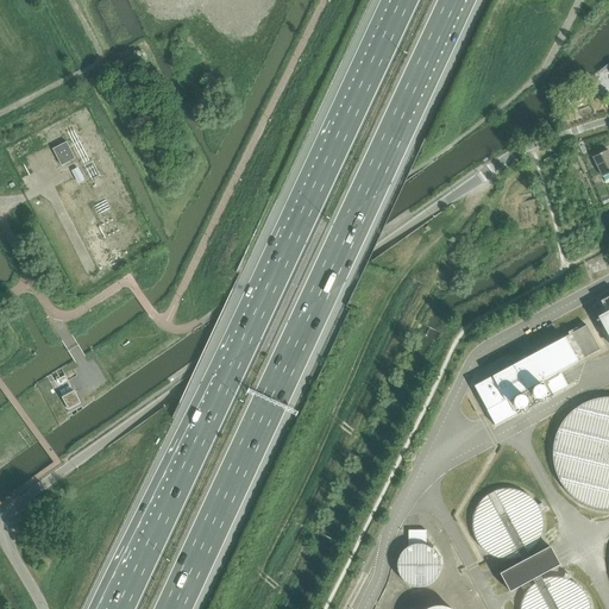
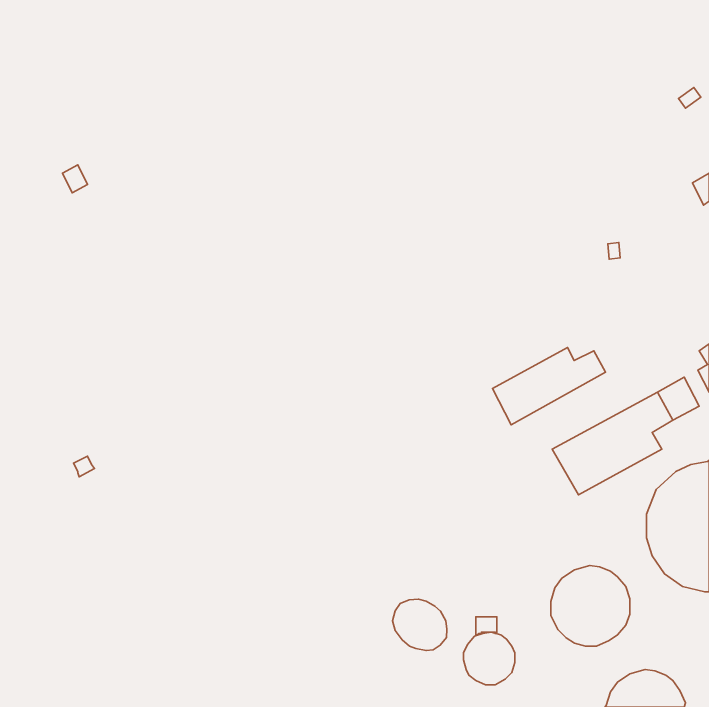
building: none -> [492,347,606,425]
building: none -> [393,599,447,650]
building: [500,545,560,590] -> none

